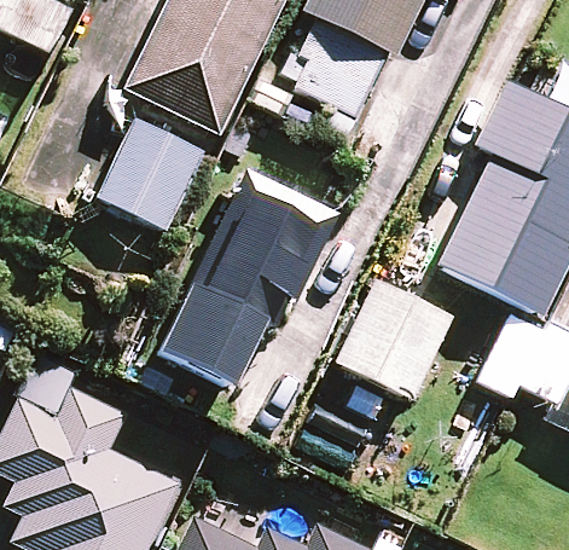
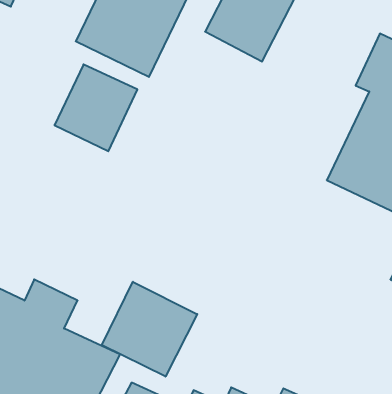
building: [159,170,337,388] -> none
building: [337,280,451,398] -> none
building: none -> [102,282,197,377]

